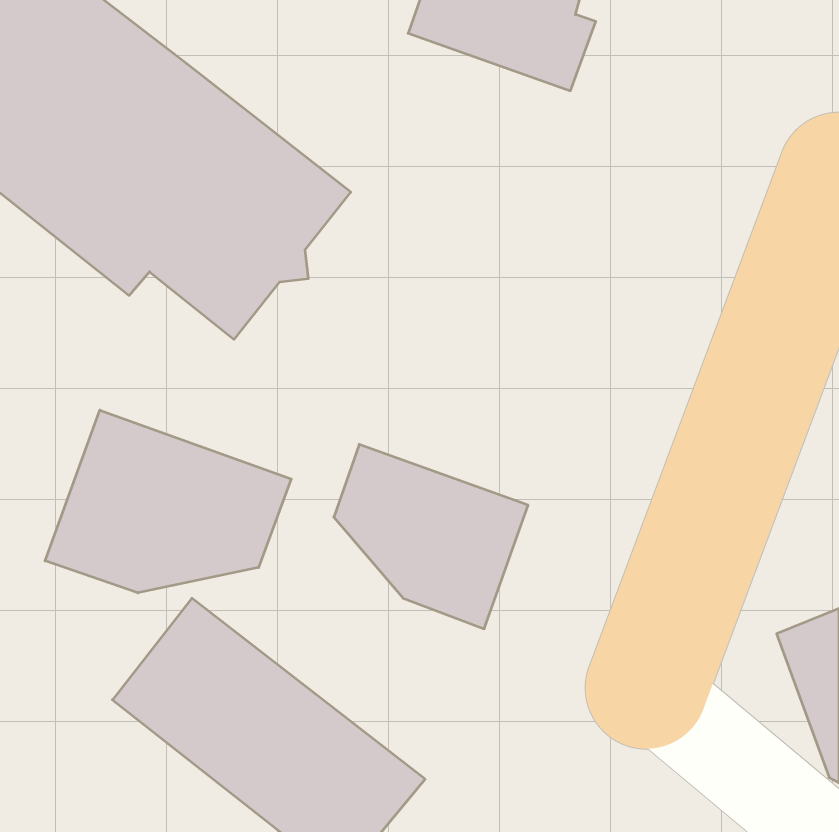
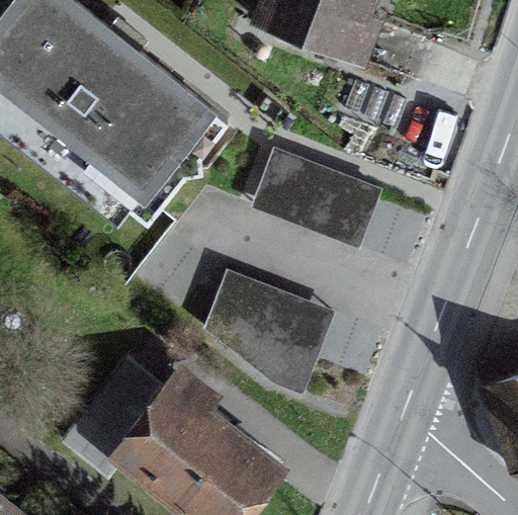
building: none -> [253,151,380,243]
building: [45,410,291,593] -> none

